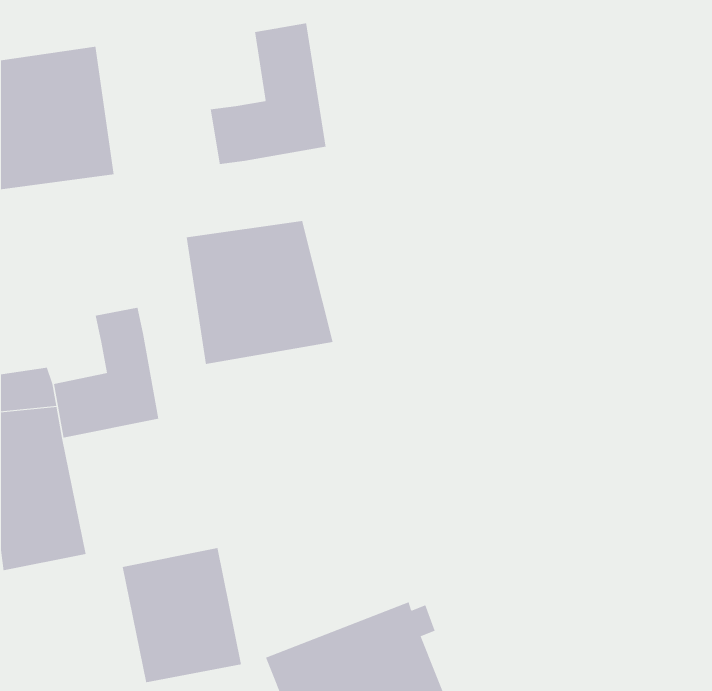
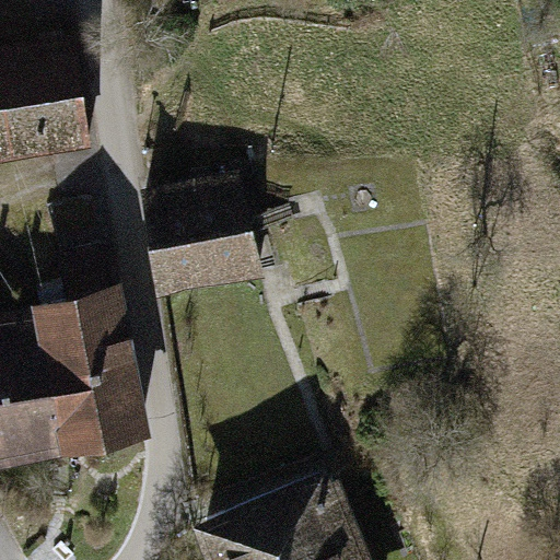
building: [210,22,326,165] -> none
building: [122,547,242,683] -> [50,346,144,452]

